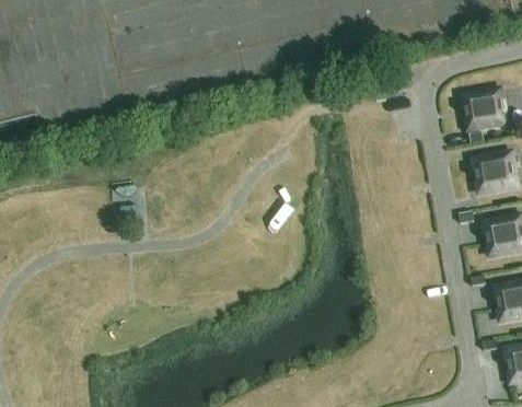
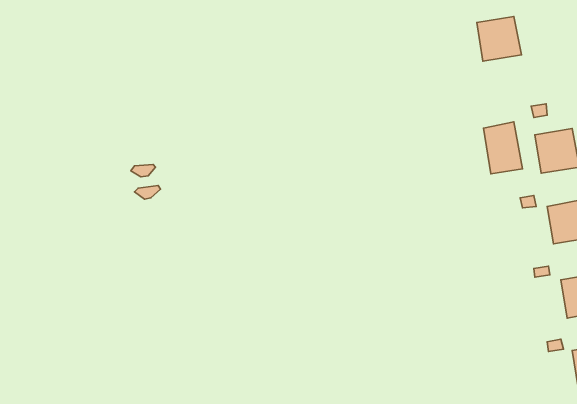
building: [464,92,503,131] -> [477,16,521,61]
building: none -> [483,122,522,174]

